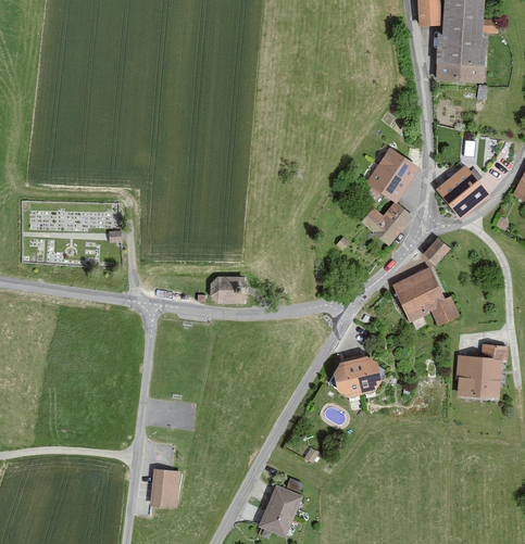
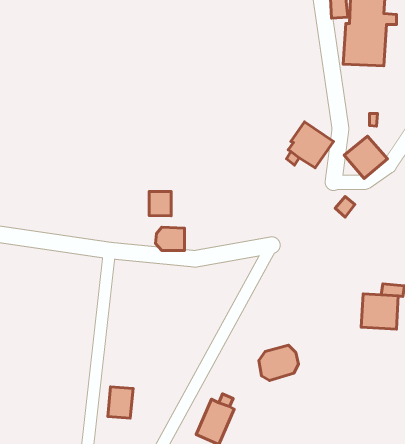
building: [361,203,412,244] -> none
building: none -> [149,191,171,216]
building: [393,267,459,324] -> none
building: [332,356,379,398] -> [259,345,298,380]

